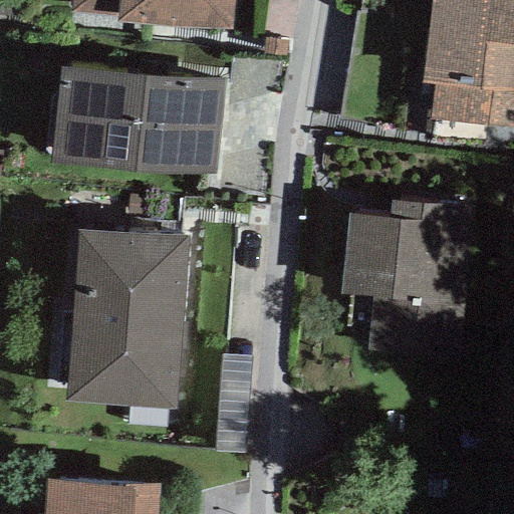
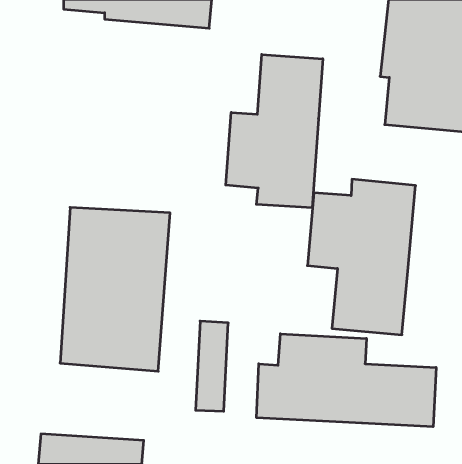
building: none -> [226,54,323,208]
building: [55,65,225,175] -> none
building: none -> [257,334,436,427]

